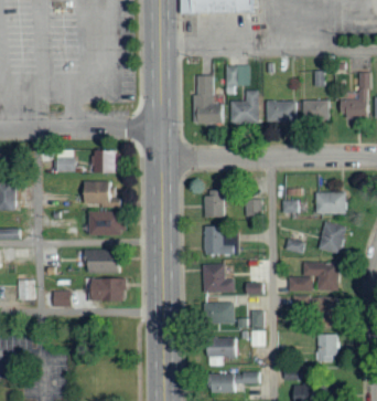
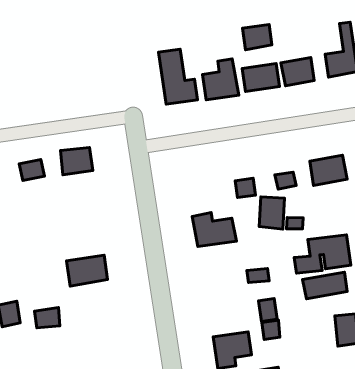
building: [226,66,250,86] -> [242,24,272,50]
building: [82,181,120,205] -> none
building: [204,190,224,217] -> none
building: [88,211,123,235] -> none
building: [320,222,346,254] -> [259,197,285,229]
building: [202,264,234,293] -> none
building: [88,277,125,302] -> none
building: [203,303,235,323] -> none

